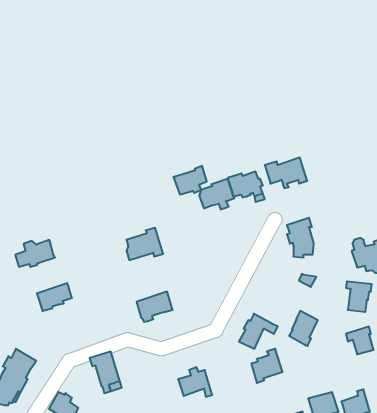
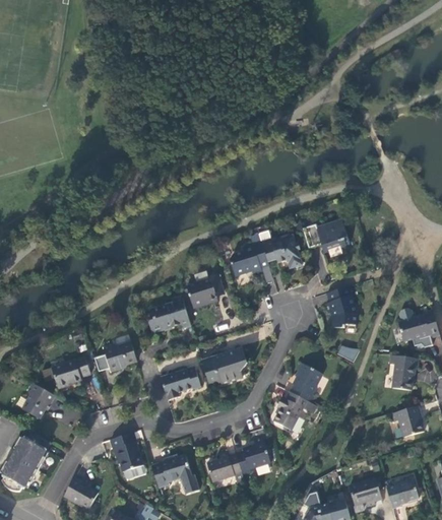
building: [173,166,207,195] -> [186,274,223,306]
building: [15,240,55,267] -> [93,342,137,372]
building: none -> [201,348,247,388]
building: none -> [20,383,54,418]
building: [289,311,318,346] -> [290,364,321,402]
building: [251,349,283,383] -> [236,437,270,474]
building: none -> [150,454,198,495]

